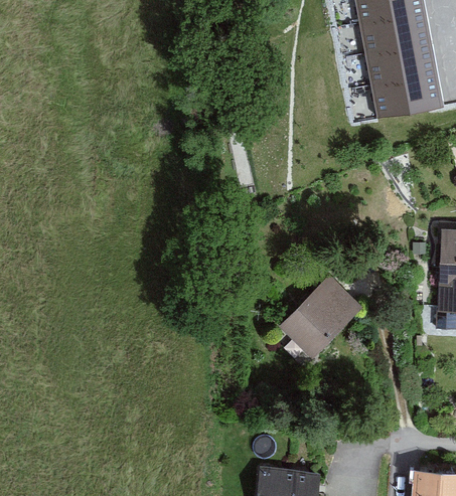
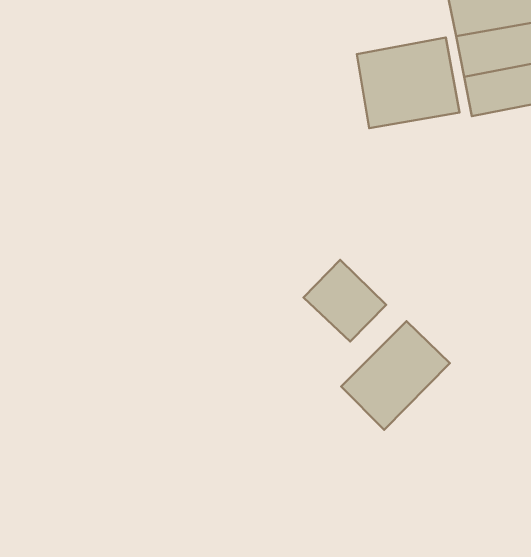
building: none -> [357,38,460,128]
building: none -> [303,260,386,341]

